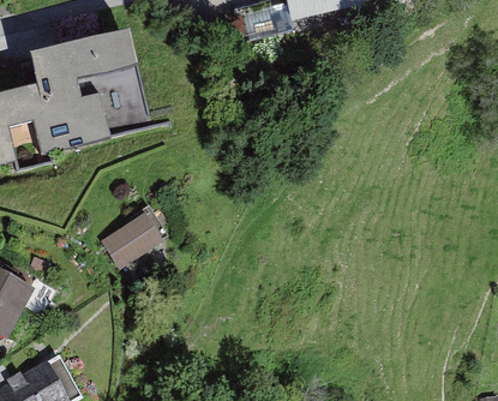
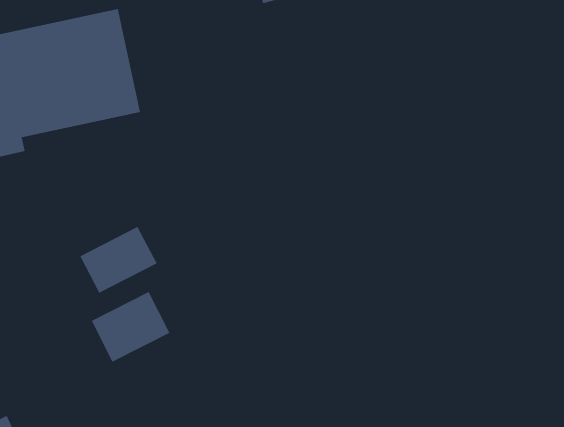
building: none -> [91,291,170,363]

